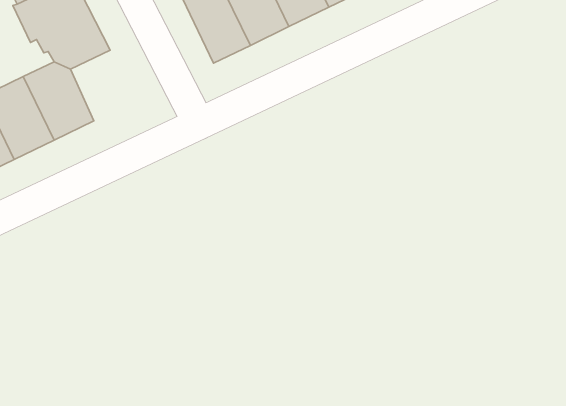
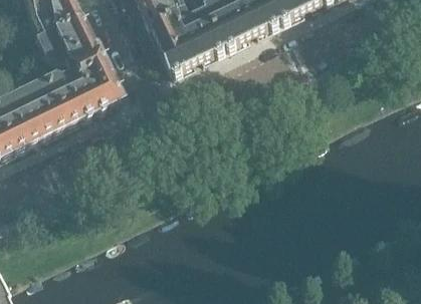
building: none -> [75,61,119,109]

